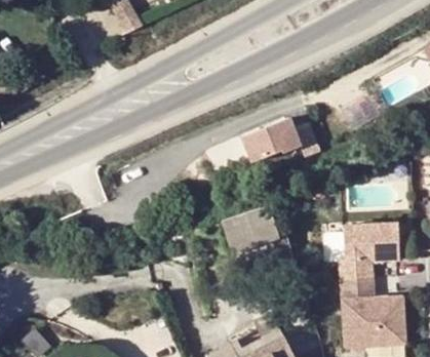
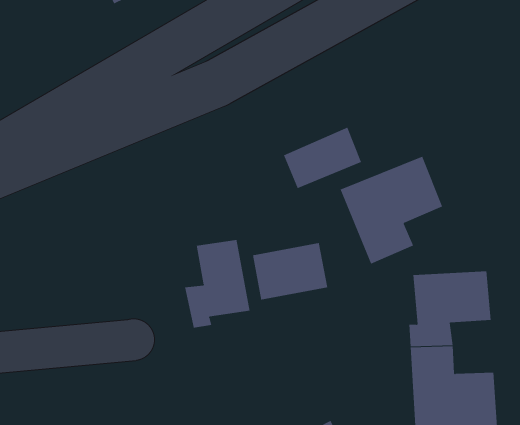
building: none -> [340,156,443,264]
building: none -> [185,239,250,329]

